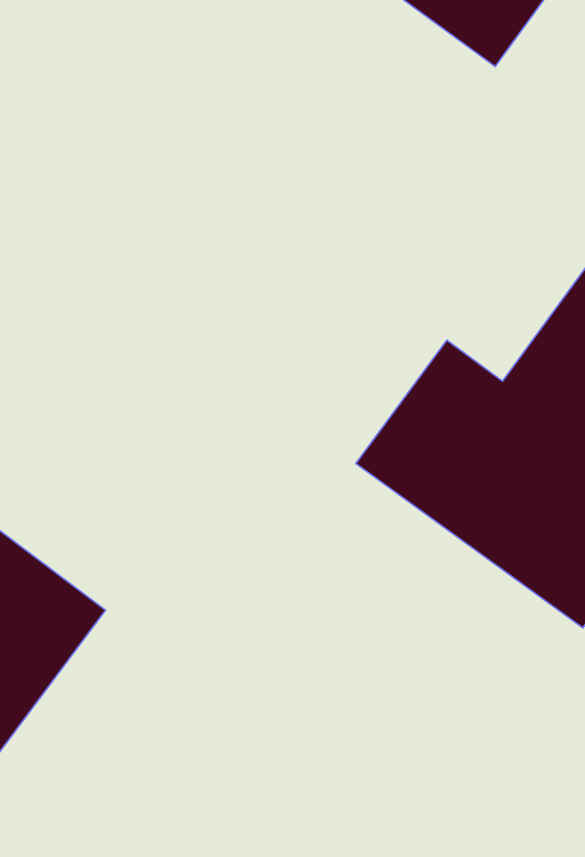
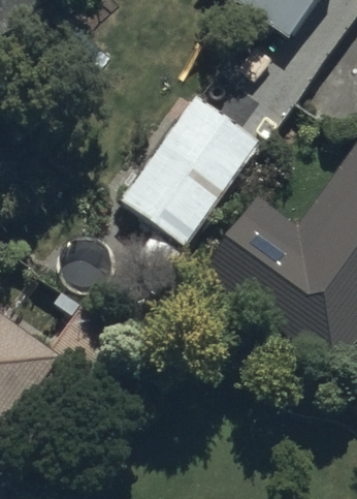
building: none -> [123,96,261,245]

